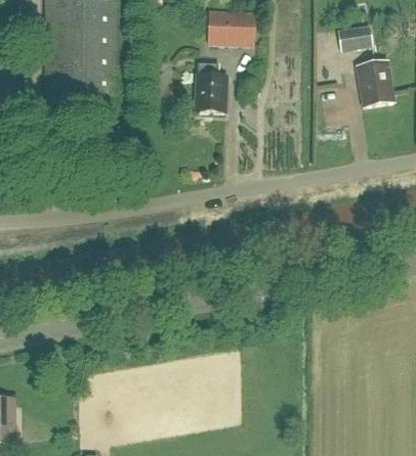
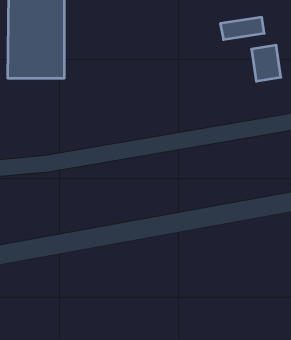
building: [209,10,254,44] -> none
building: [195,62,226,111] -> none

